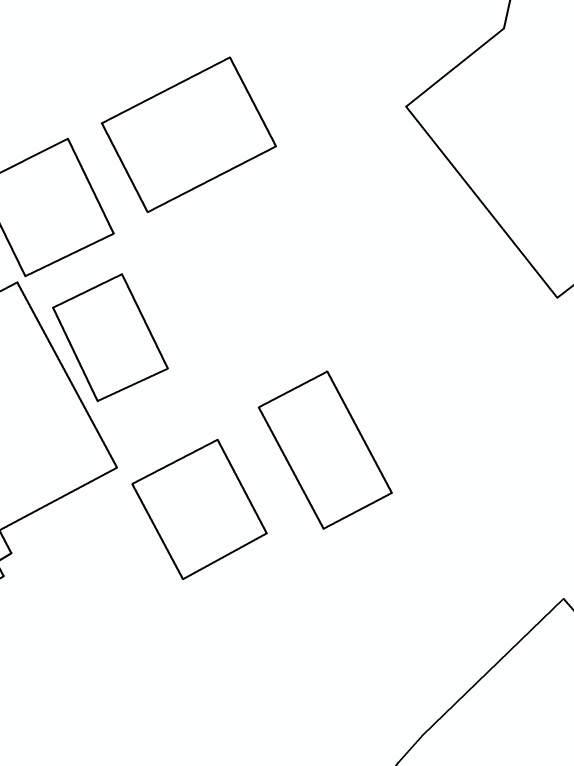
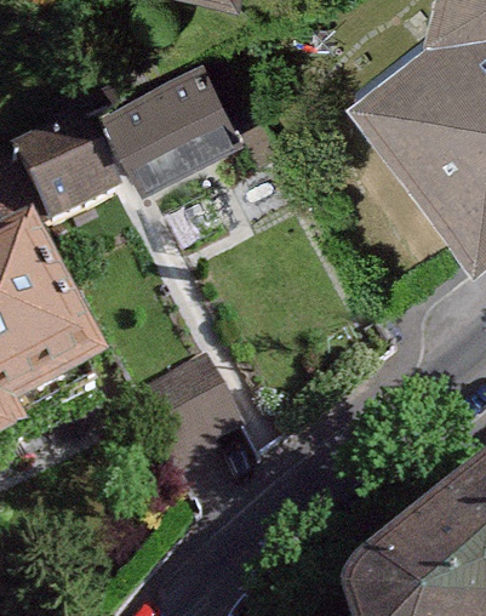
building: [53,274,168,401] -> none
building: [259,371,392,529] -> none

